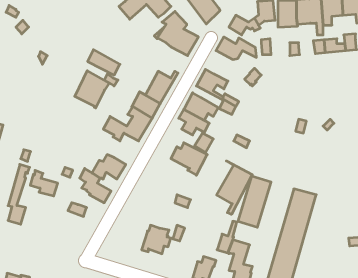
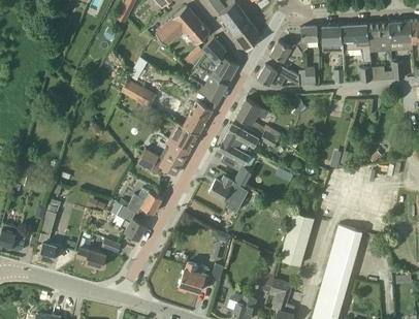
building: none -> [187,74,227,102]
building: [75,71,109,108] -> none
building: [217,161,252,214] -> none
building: [30,170,58,196] -> [76,241,105,267]

